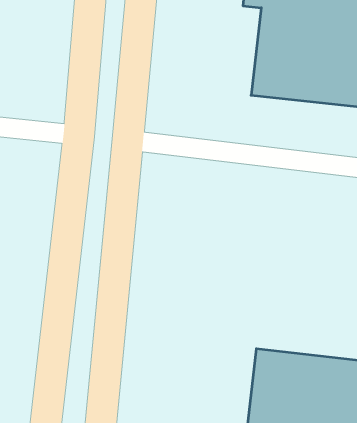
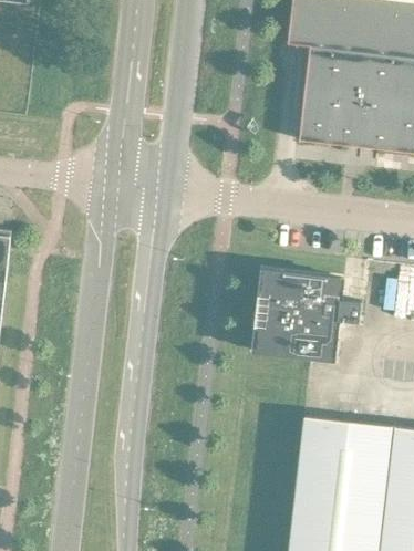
building: none -> [251,270,360,362]

